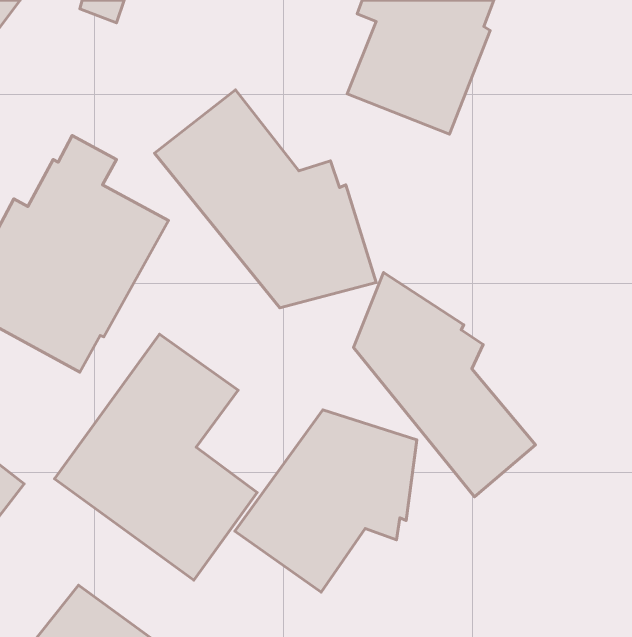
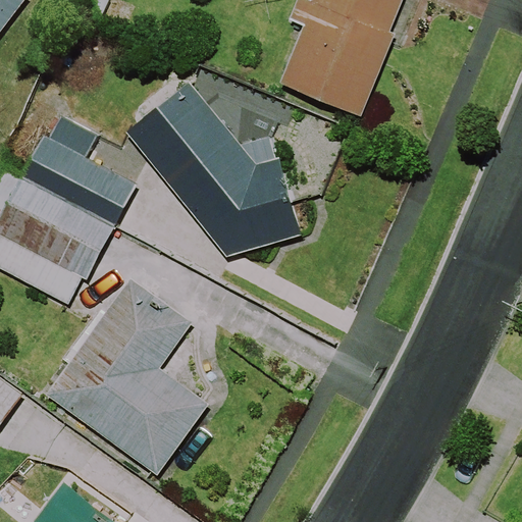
building: [354,272,536,497] -> none
building: [235,410,417,592] -> none

